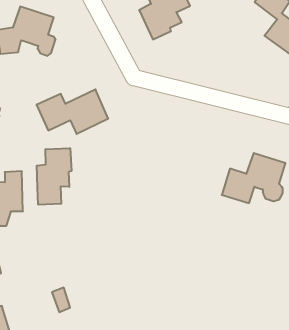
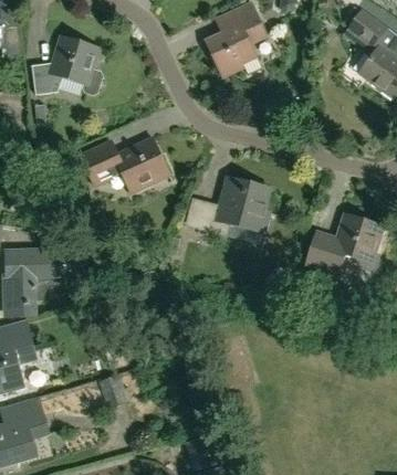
building: none -> [185,178,269,236]
building: [37,148,71,205] -> none

